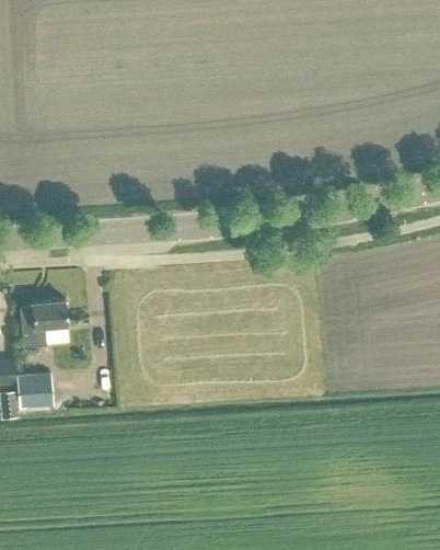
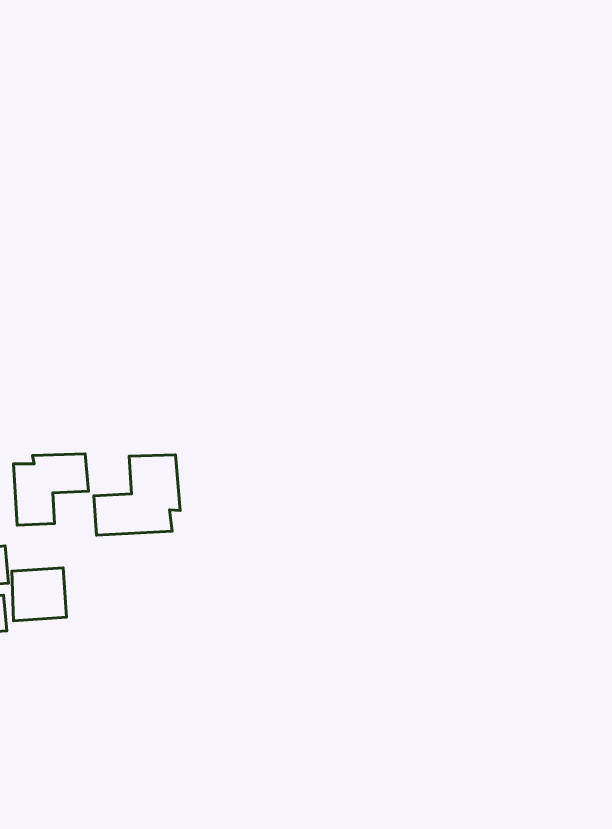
building: none -> [94,455,180,535]

